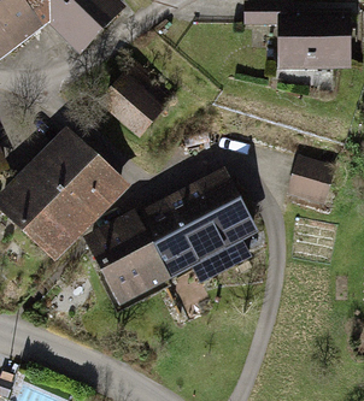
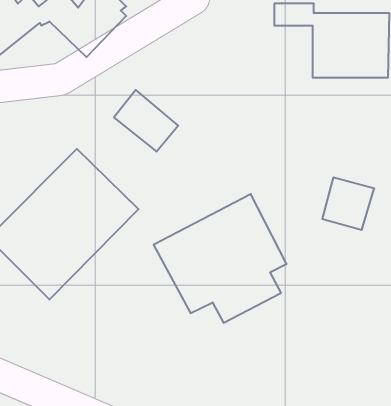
building: [89,217,172,303] -> none

